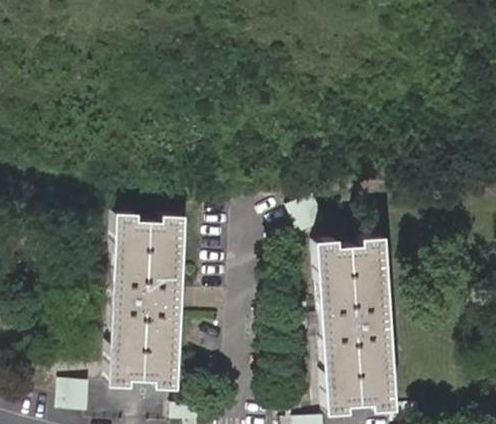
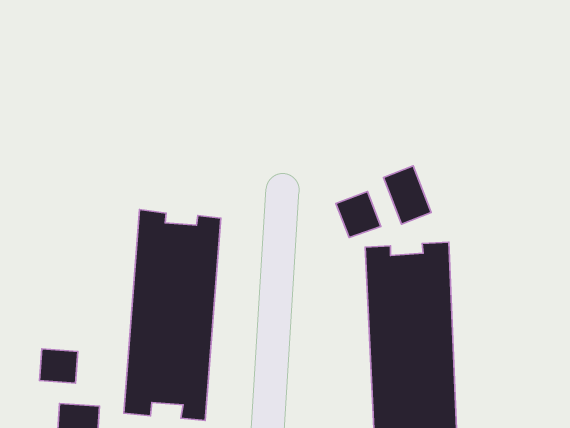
building: none -> [383,166,431,224]
building: none -> [39,349,78,383]

